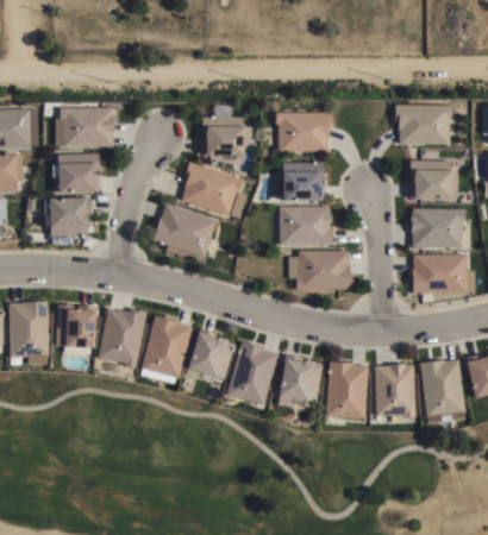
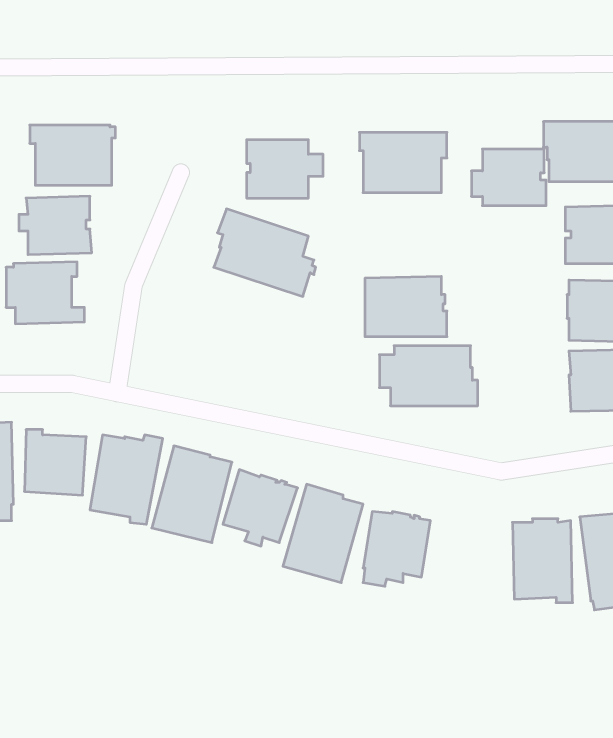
building: [275,163,324,200] -> [471,149,546,206]
building: [151,203,215,258] -> none
building: [326,361,368,424] -> none

